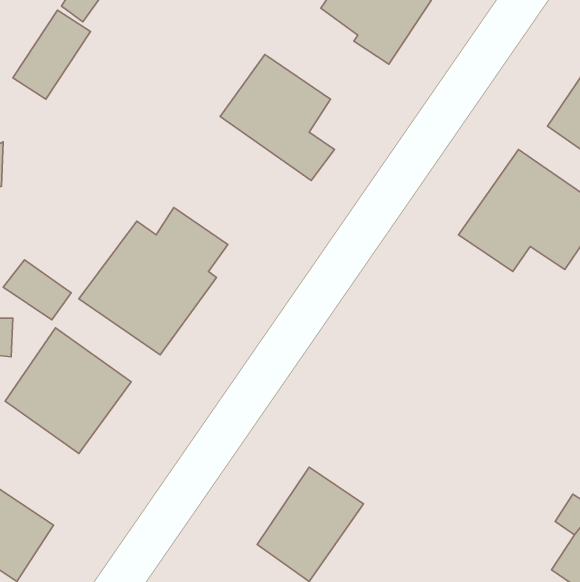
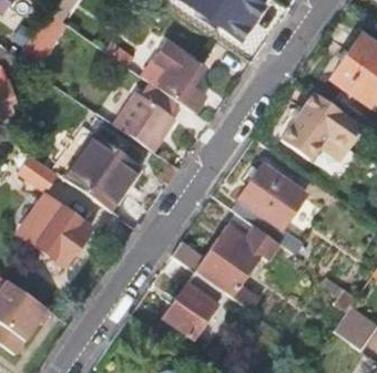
building: none -> [114,91,176,151]
building: none -> [232,165,305,255]
building: none -> [172,227,265,313]

